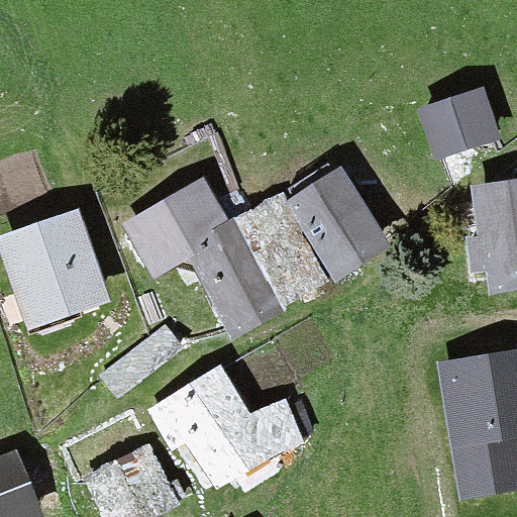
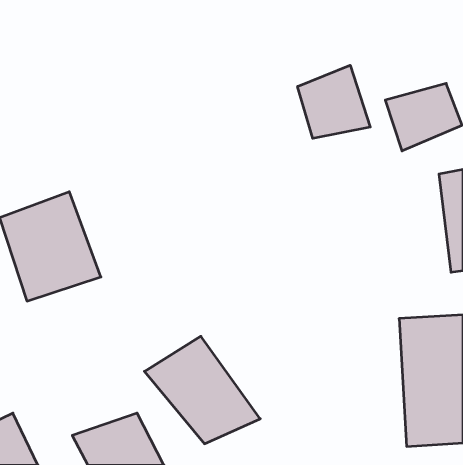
building: none -> [298,65,370,138]
building: [200,167,395,338] -> none
building: [121,181,237,281] -> none

